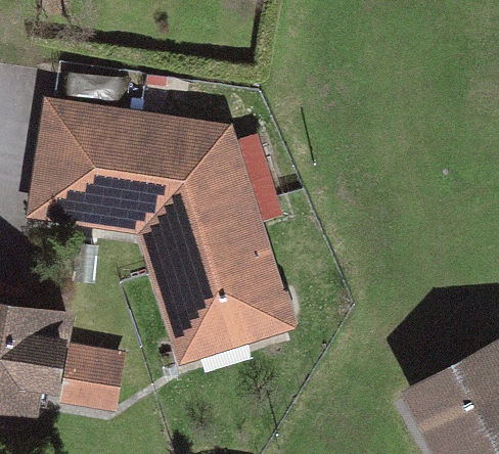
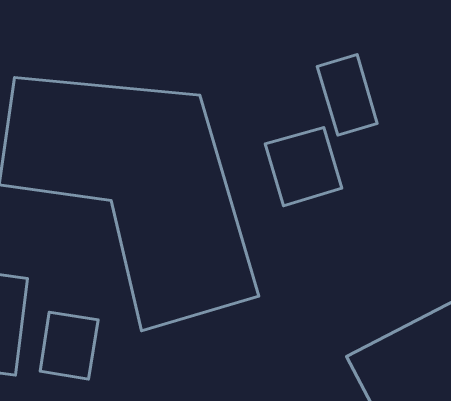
building: none -> [317,55,377,135]
building: none -> [265,127,342,206]

